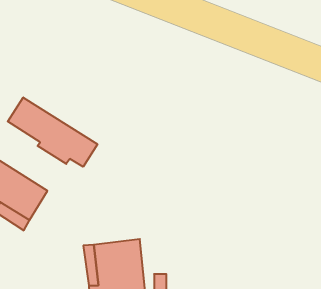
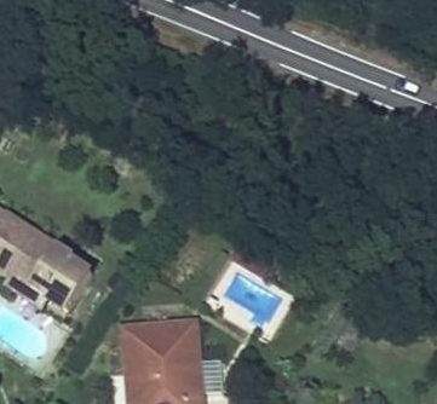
building: [8,97,97,167] -> none

